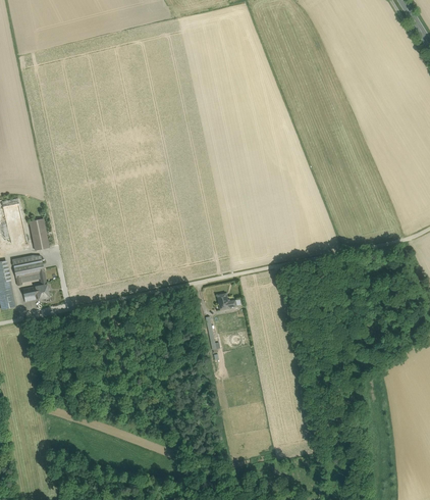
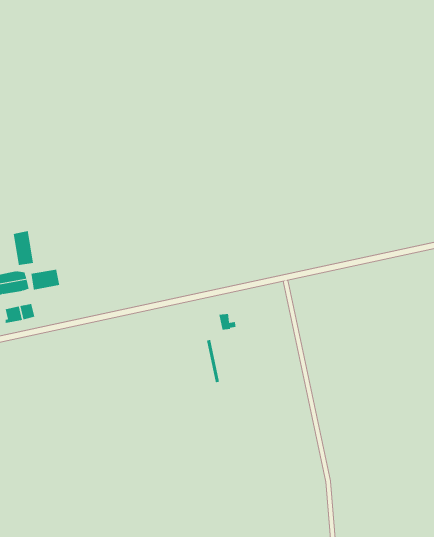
building: none -> [31,269,60,290]

